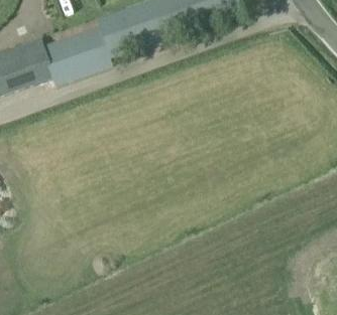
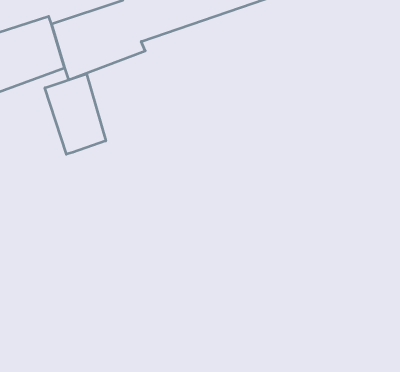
building: none -> [45,74,106,154]

